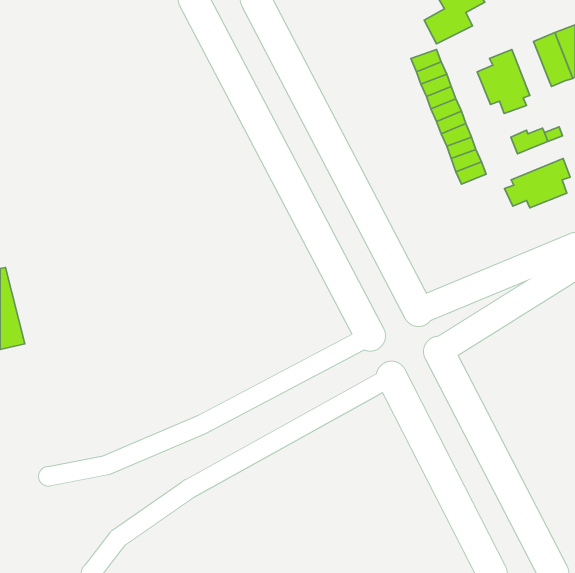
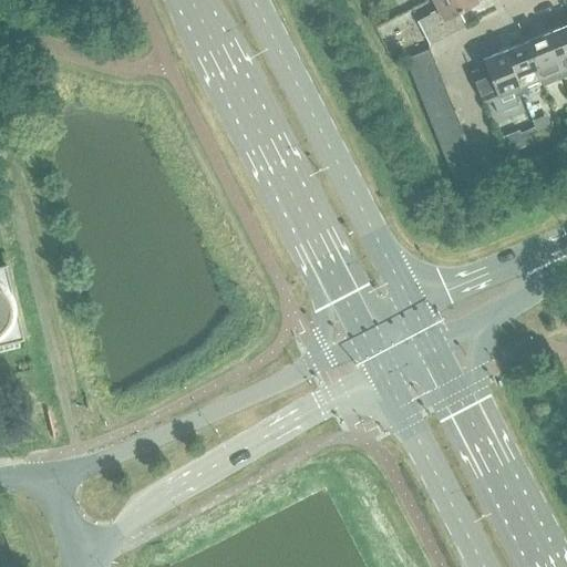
building: none -> [504,41,540,94]
building: [505,159,570,208] -> none

